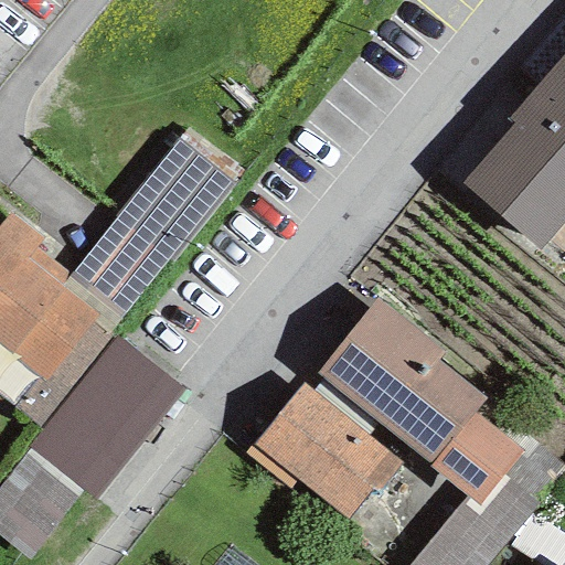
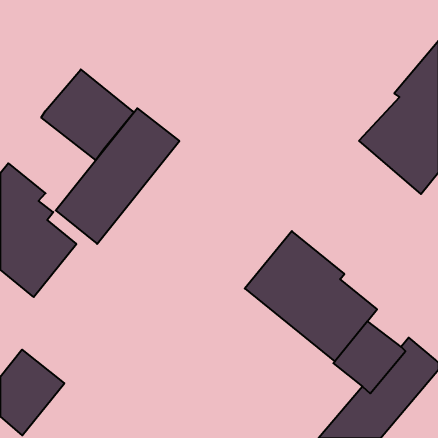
building: none -> [41,69,134,160]
building: [25,334,184,501] -> none
building: [245,382,403,520] -> none

